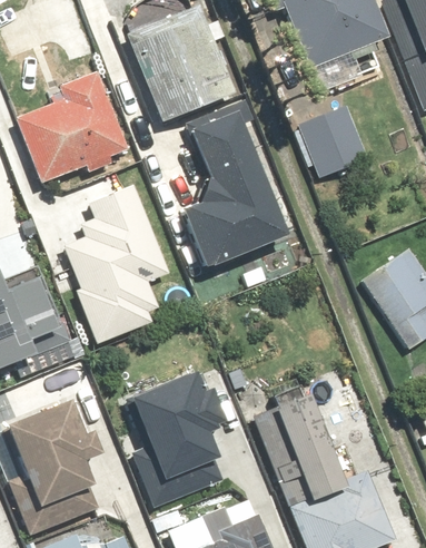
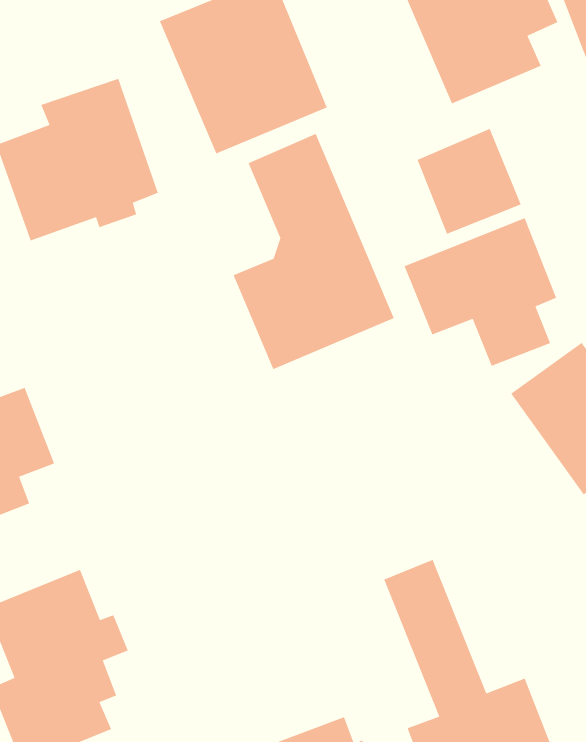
building: none -> [404,217,557,367]
building: [63,187,167,344] -> none
building: [133,365,230,502] -> none

